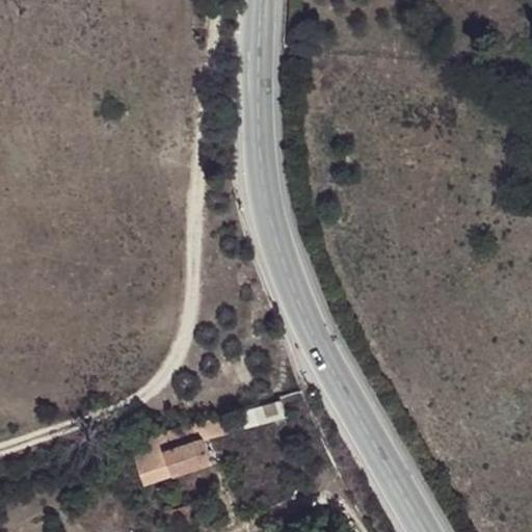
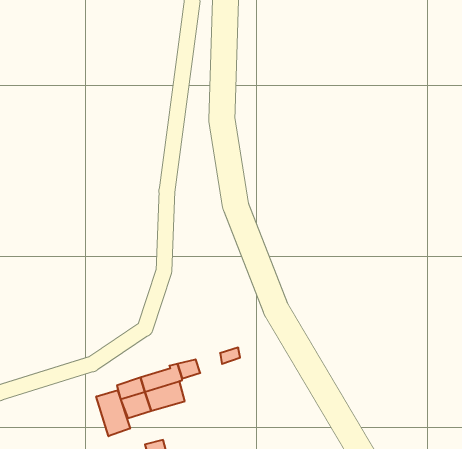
building: none -> [96,390,130,436]

